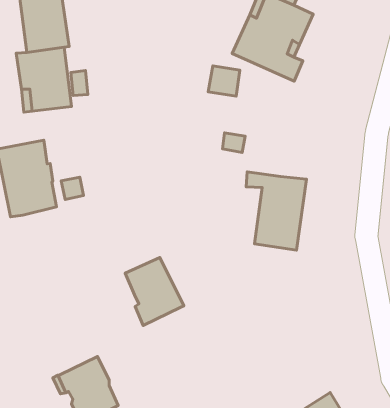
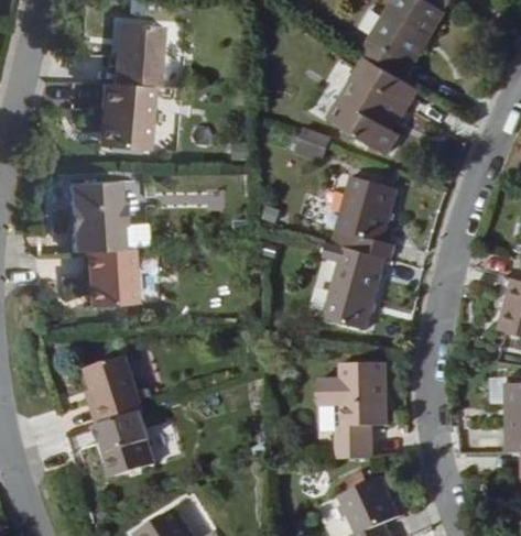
building: none -> [339,174,399,260]
building: none -> [84,248,135,305]
building: [125,257,184,325] -> [87,355,143,424]
building: none -> [316,362,386,460]

